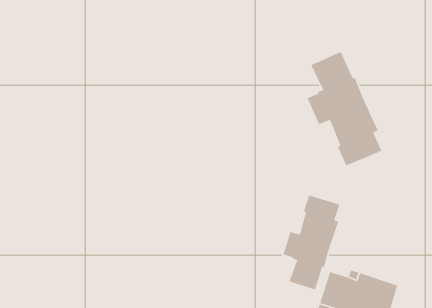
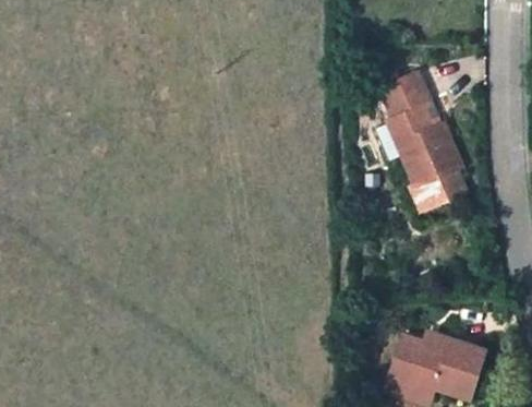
building: [282,195,340,290] -> none

